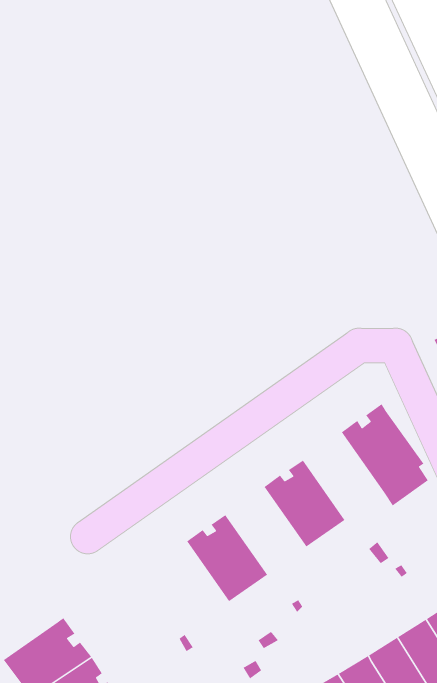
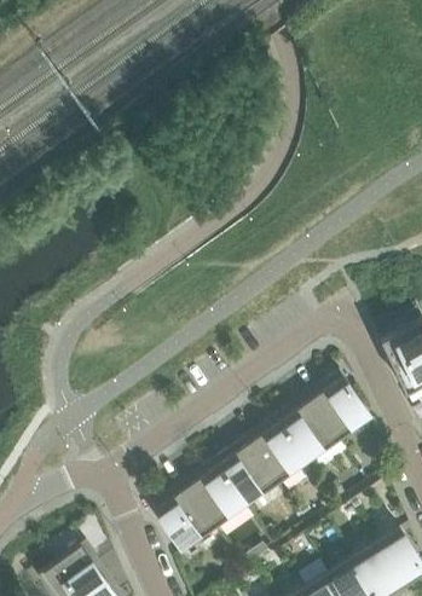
building: none -> [277,394,341,464]
building: none -> [215,438,279,508]
building: none -> [152,481,218,551]

